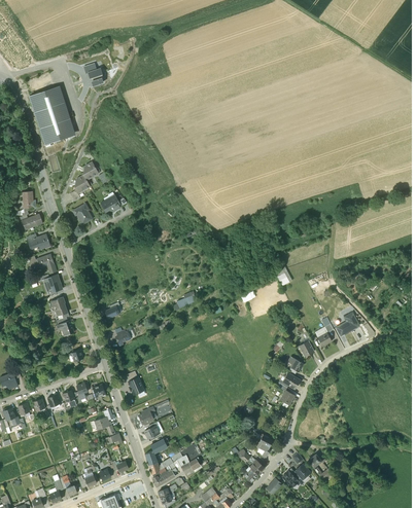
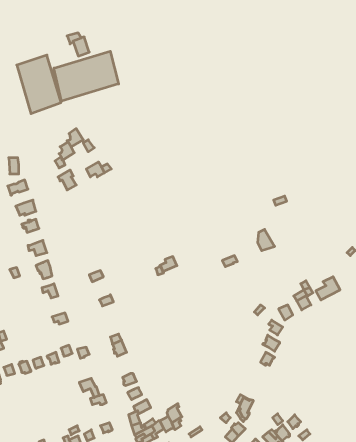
building: none -> [54,51,119,101]

